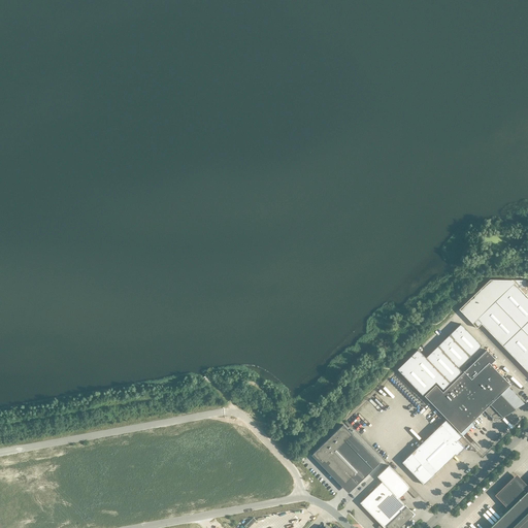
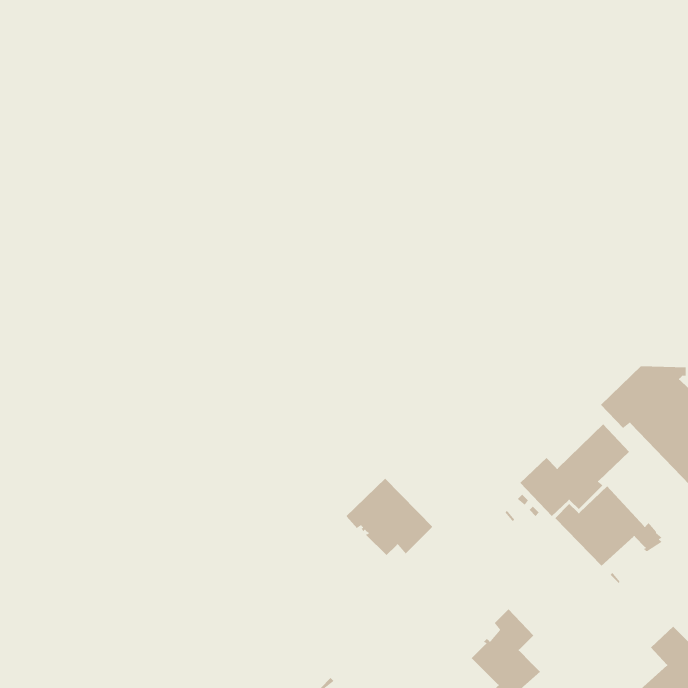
building: [465,351,517,416] -> none
building: [402,408,465,486] -> none
building: [312,426,381,486] -> [345,478,434,556]

